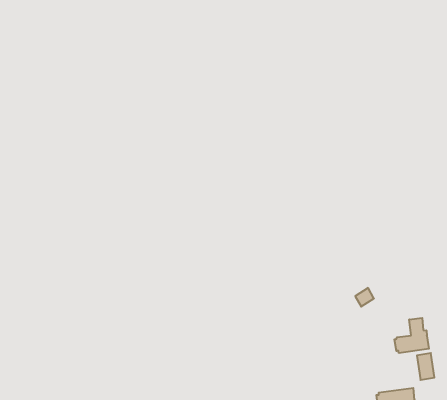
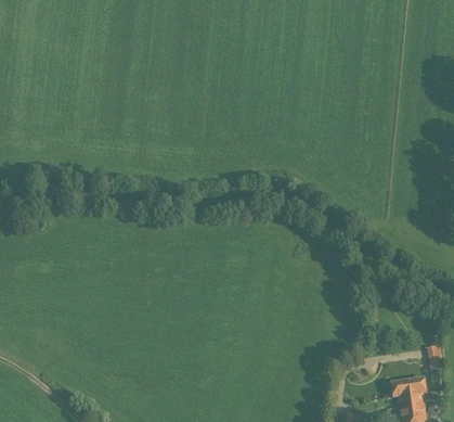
building: [394,318,429,353] -> none

